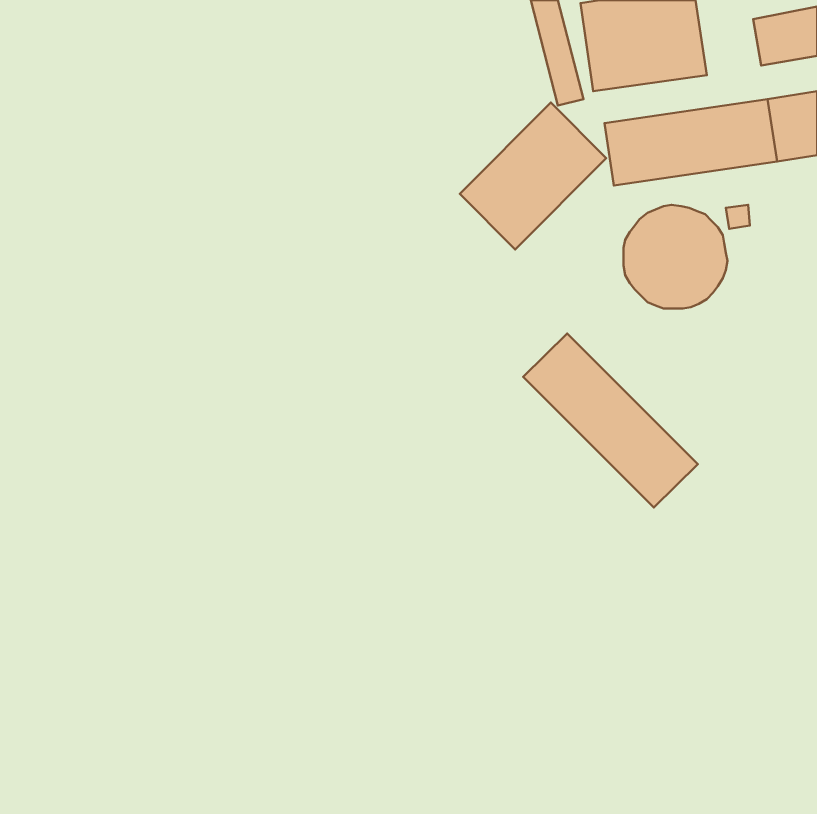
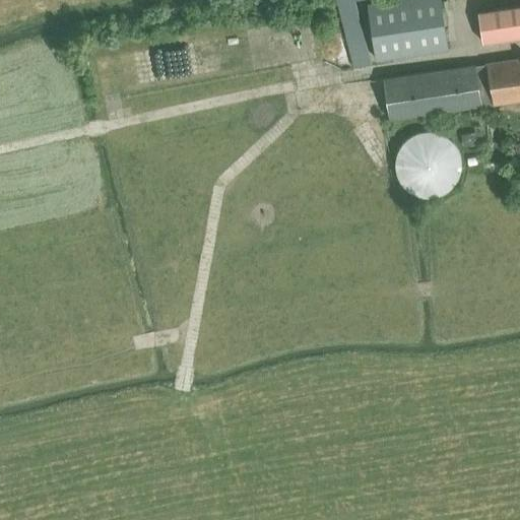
building: [460,103,606,250] -> none
building: [523,333,698,508] -> none

